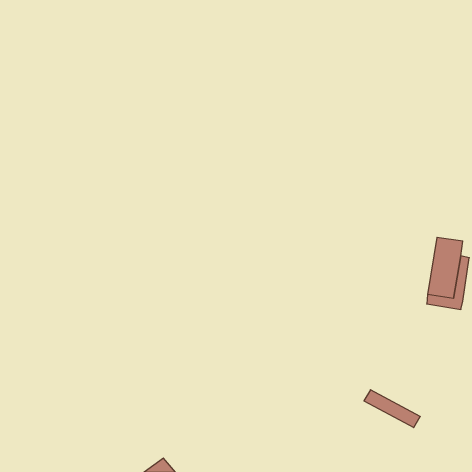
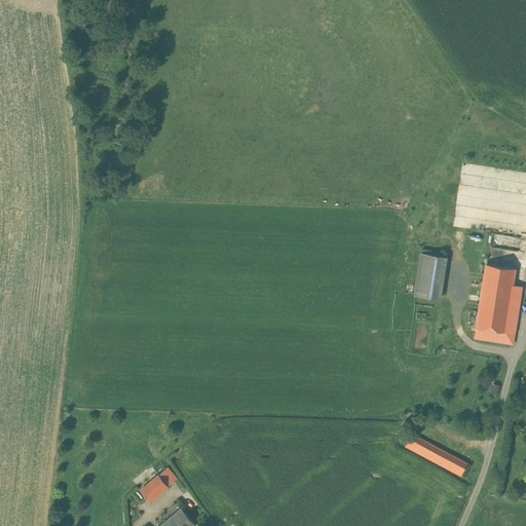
building: none -> [415,254,446,298]
building: none -> [139,475,168,502]

